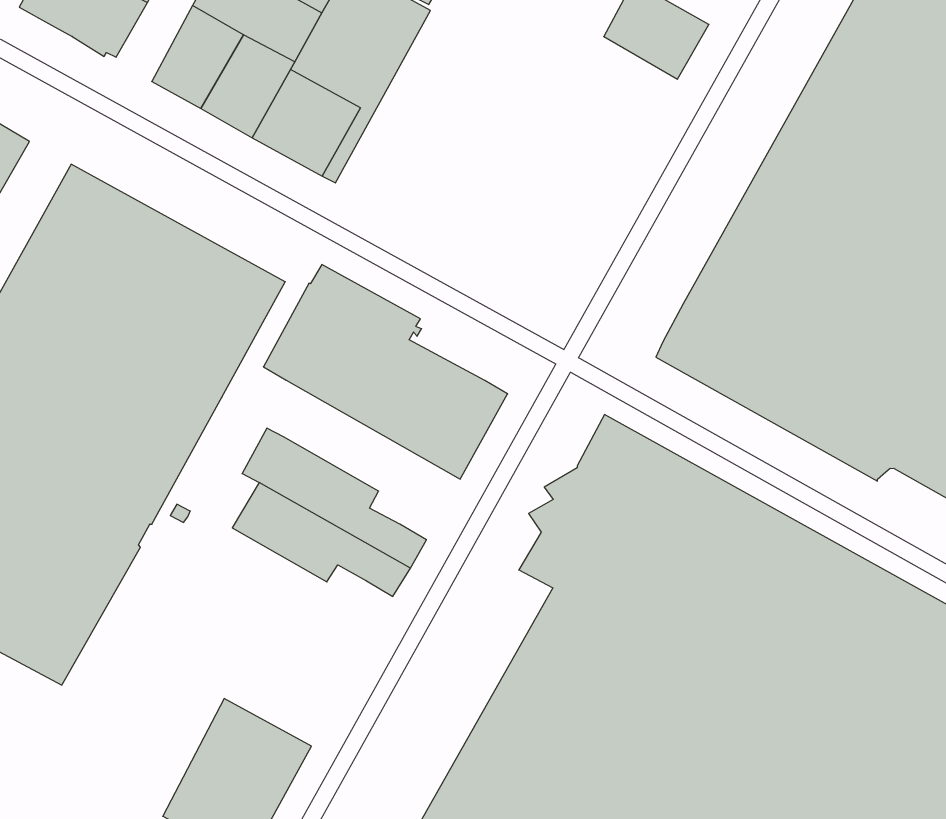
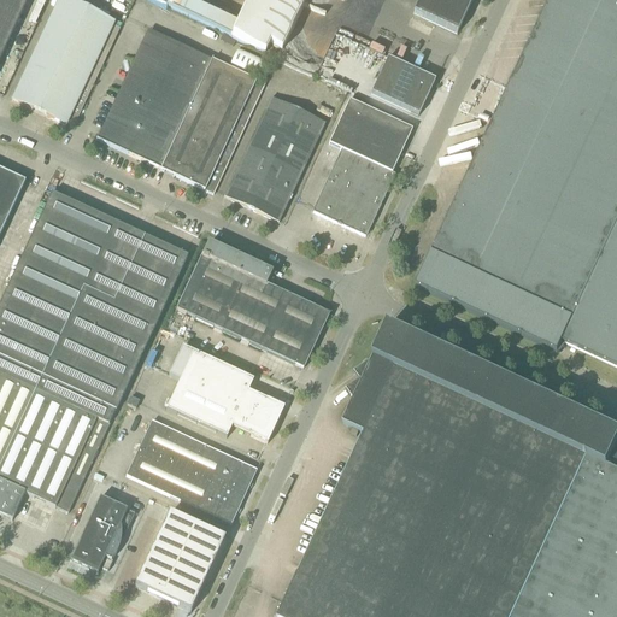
building: none -> [224,95,325,218]
building: none -> [313,95,413,233]
building: none -> [127,418,257,521]
building: none -> [69,493,136,575]

